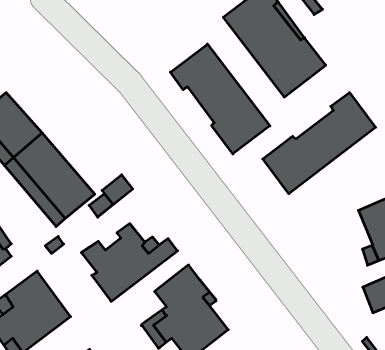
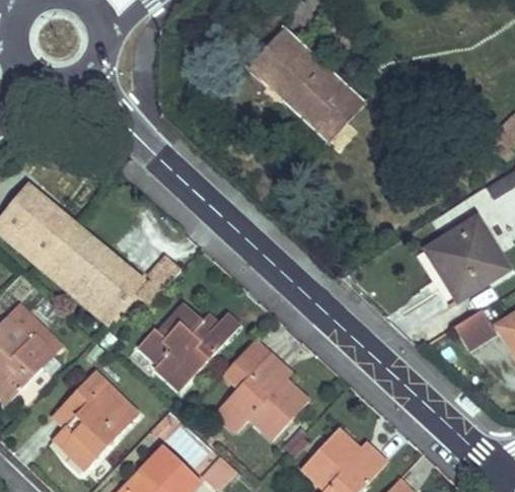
building: [170,44,270,154] -> none
building: [263,93,376,194] -> none

